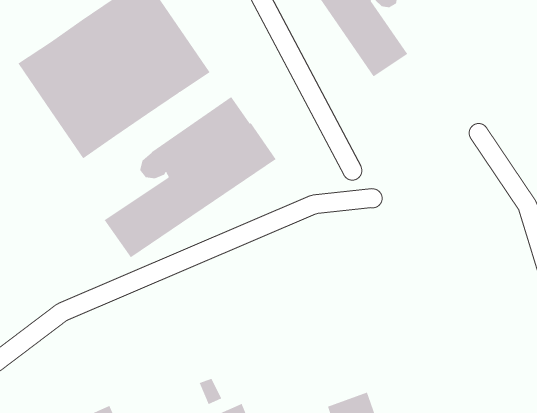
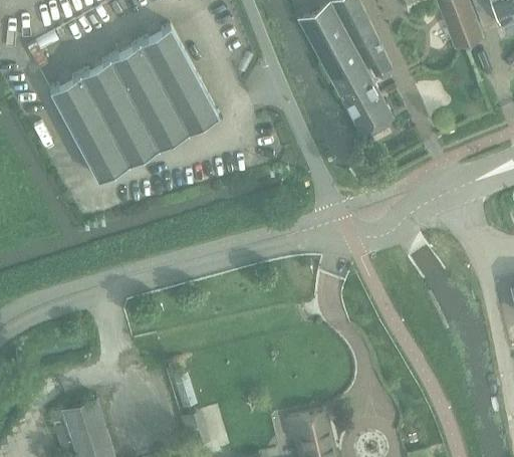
building: [104,96,276,258] -> none

